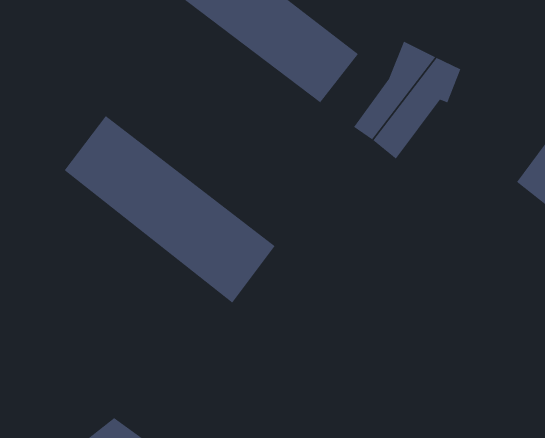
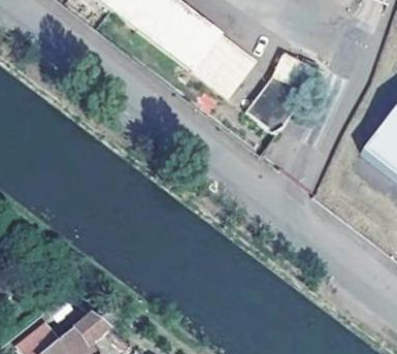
building: [64,115,275,303] -> none

